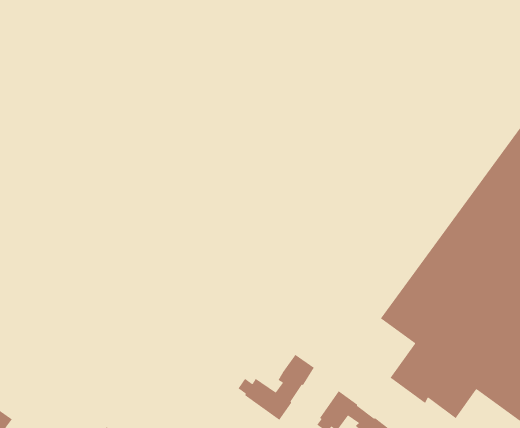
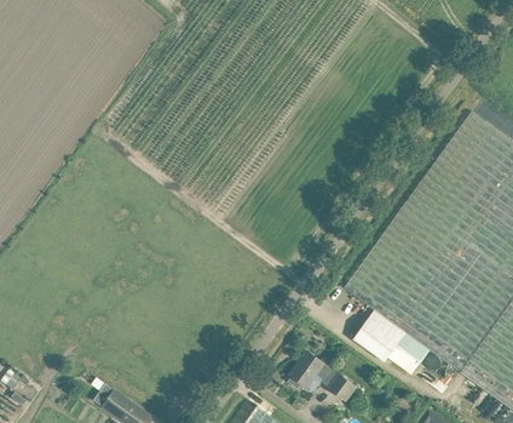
building: [238,354,315,421] -> none

